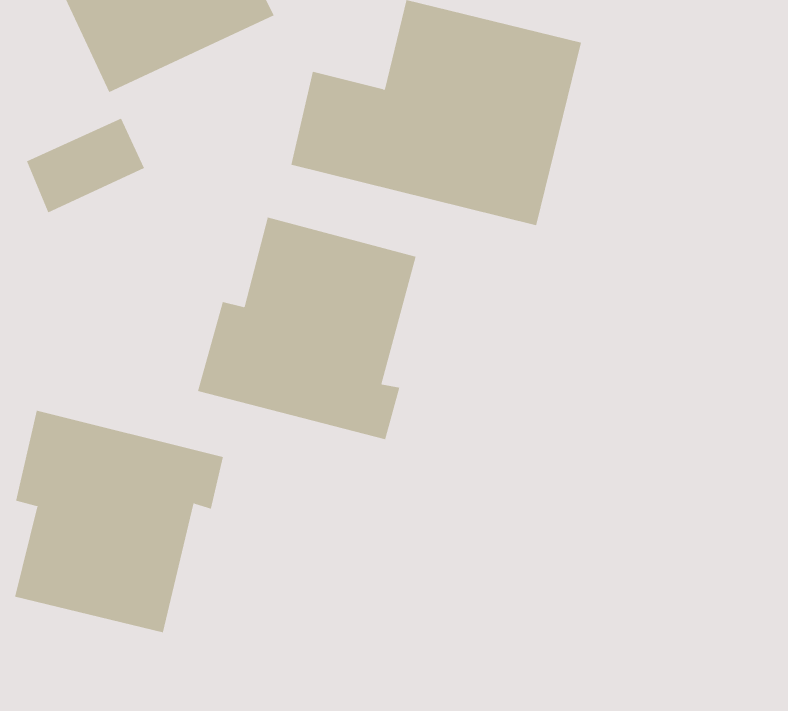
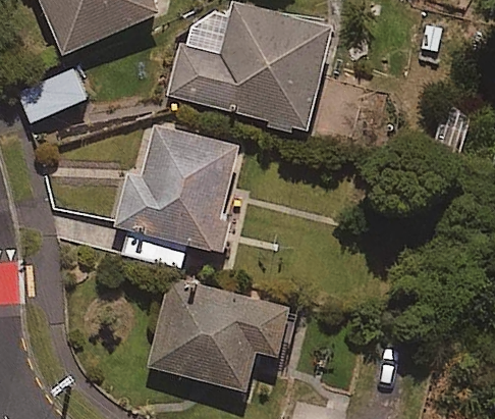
building: [15,410,224,633] -> none
building: none -> [149,277,291,390]

